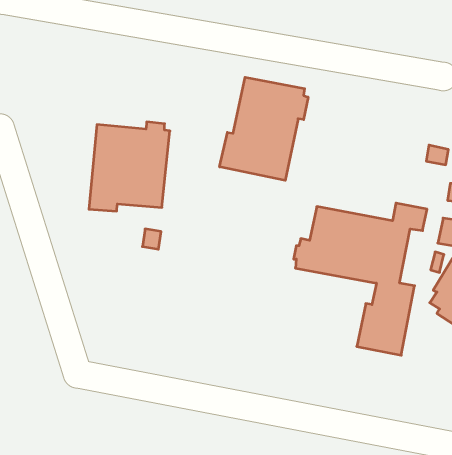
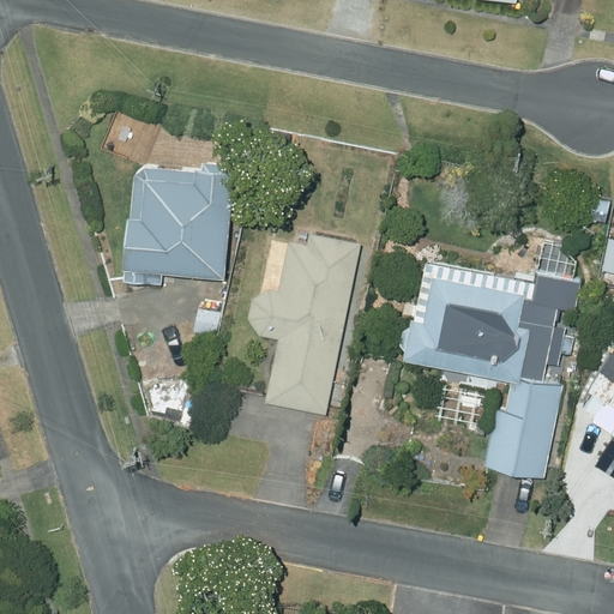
building: [220,77,308,180] -> none
building: none -> [249,234,360,414]

